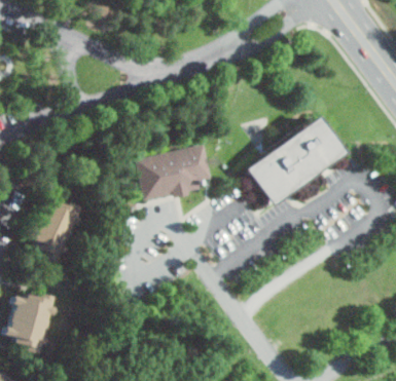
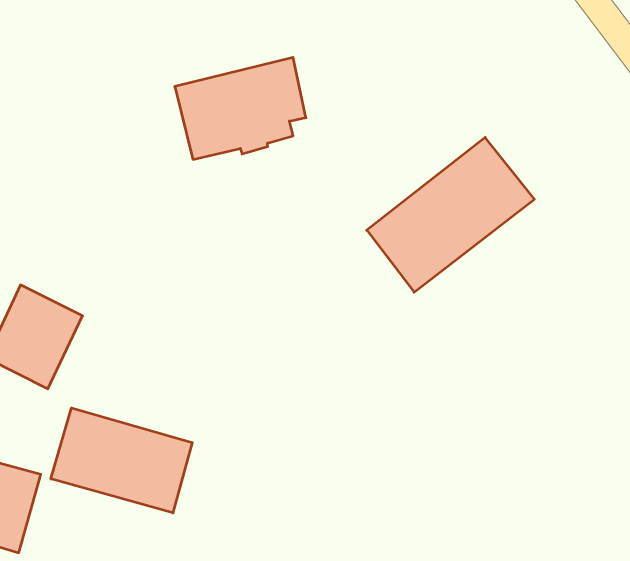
building: [137,143,211,200] -> [175,57,306,159]
building: none -> [51,408,192,513]

